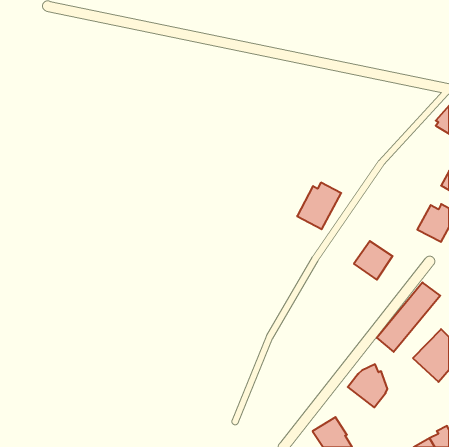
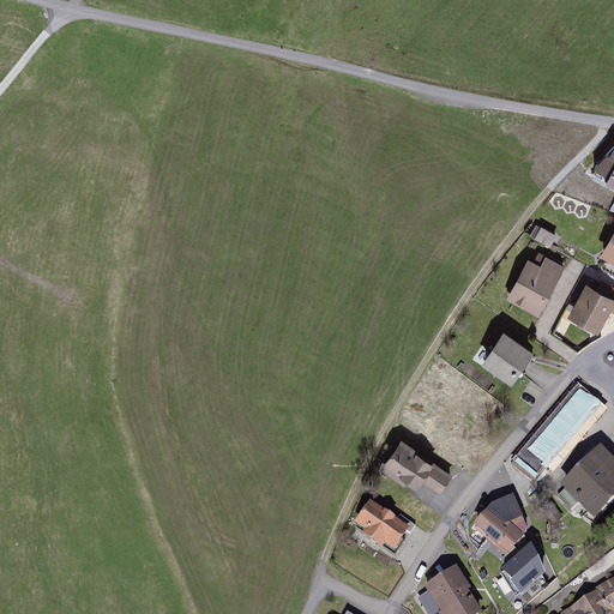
building: [297,183,341,229] -> [506,251,566,314]
building: none -> [381,438,455,493]
building: none -> [355,501,411,553]
building: none -> [499,546,544,598]

